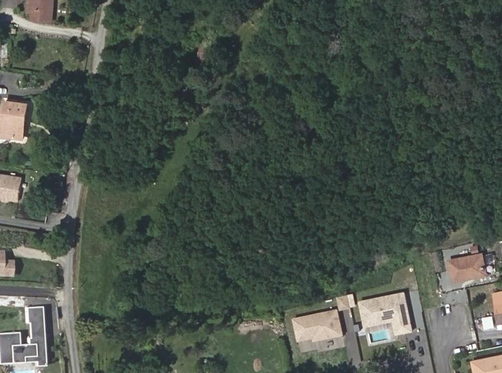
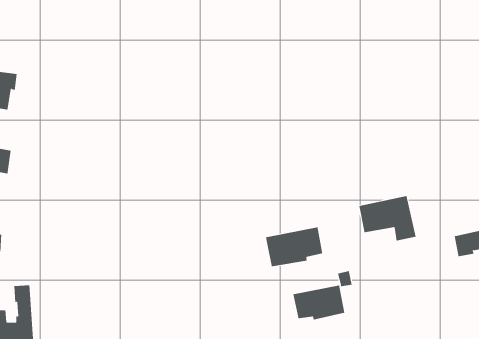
building: none -> [265,227,323,267]
building: [359,291,415,335] -> [359,196,417,241]

